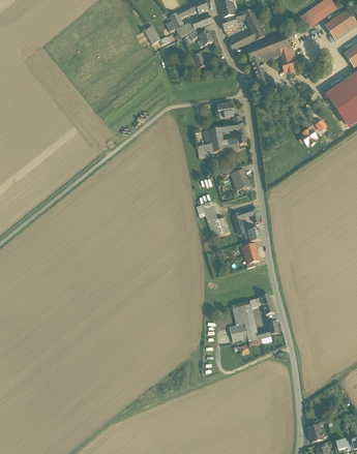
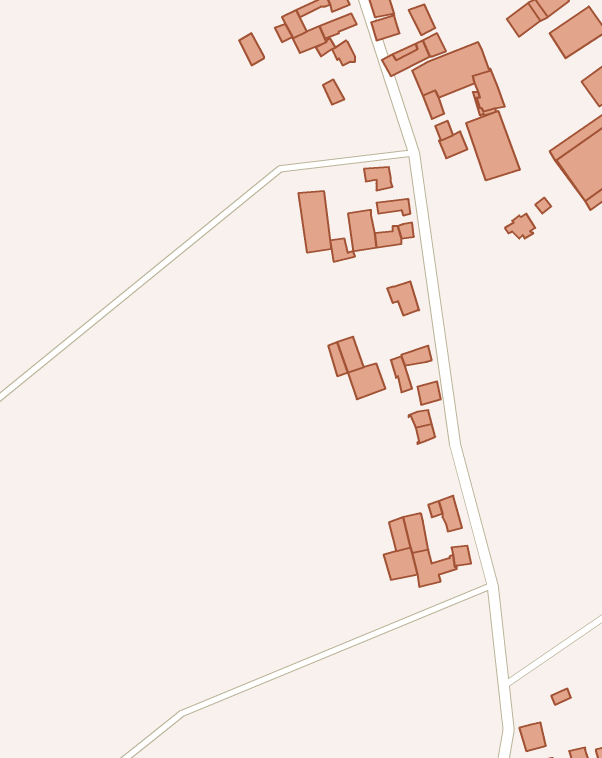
building: none -> [466,111,520,180]
building: none -> [299,191,331,253]

